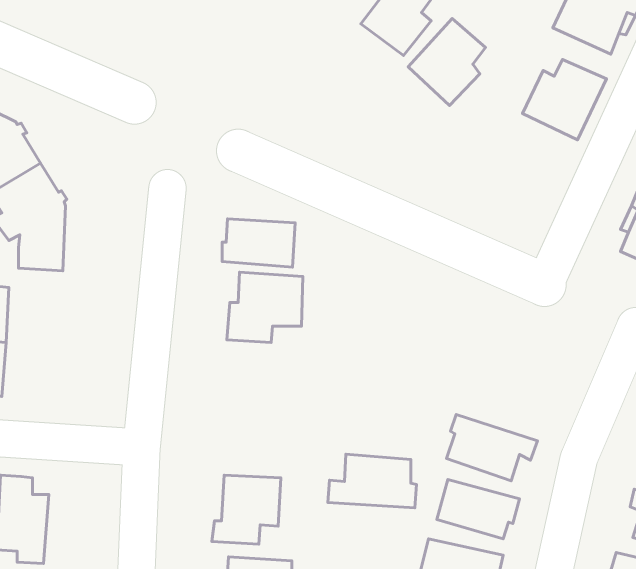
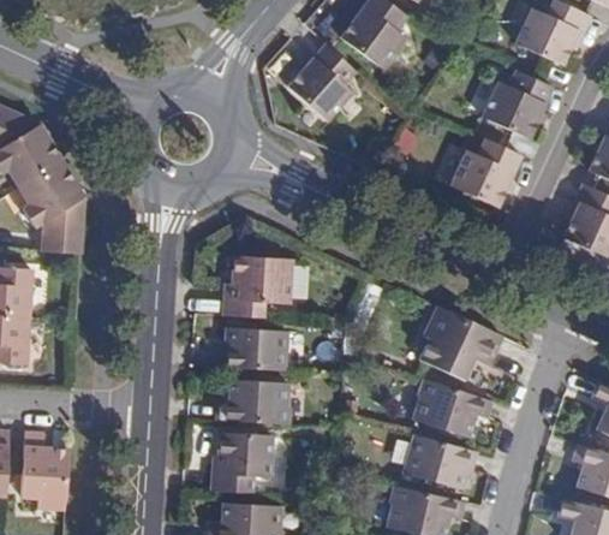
building: [408,19,485,106] -> [288,47,356,123]
building: none -> [452,139,523,207]
building: [222,219,295,267] -> [221,329,285,371]
building: none -> [424,308,503,379]
building: [328,454,416,508] -> [216,379,293,426]

